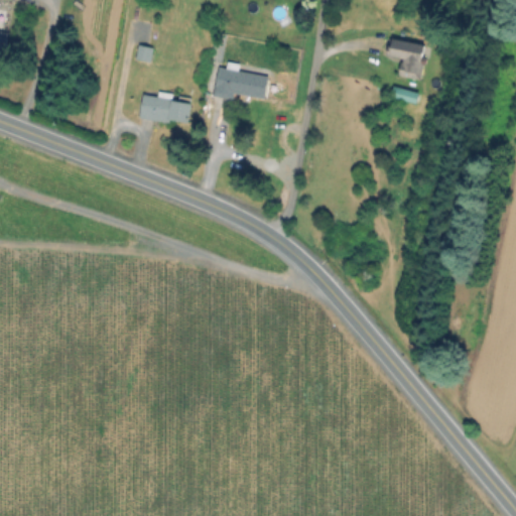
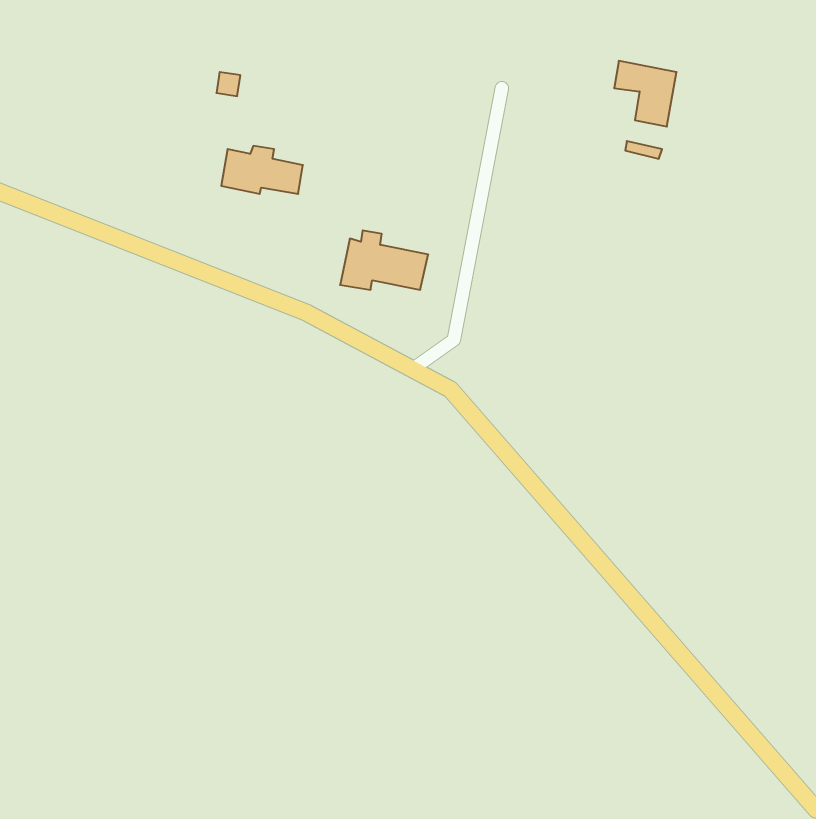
building: [213,61,268,99] -> [340,230,428,290]

